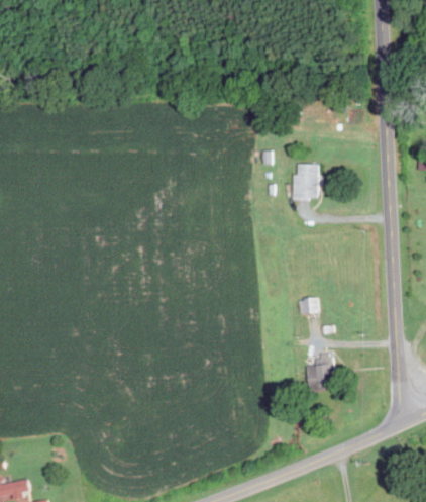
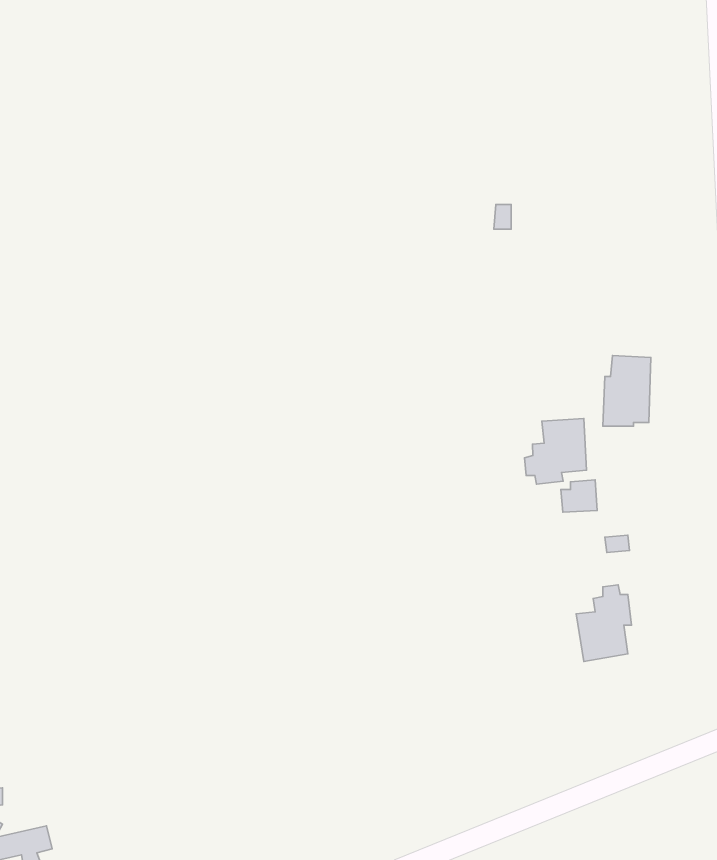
building: [293,163,318,200] -> [603,355,651,426]
building: none -> [525,419,587,484]

